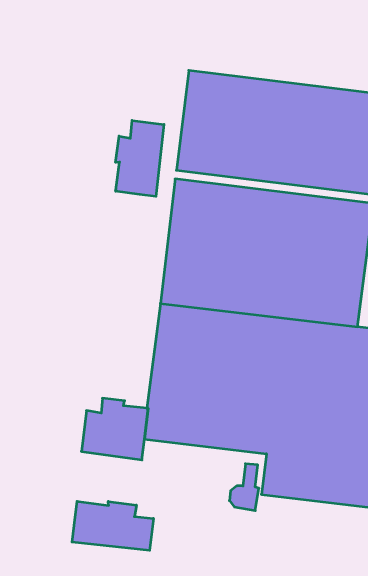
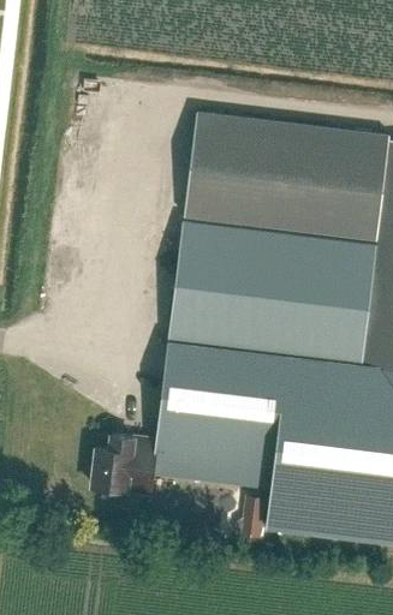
building: [116,120,164,196] -> none
building: [72,501,153,550] -> none

